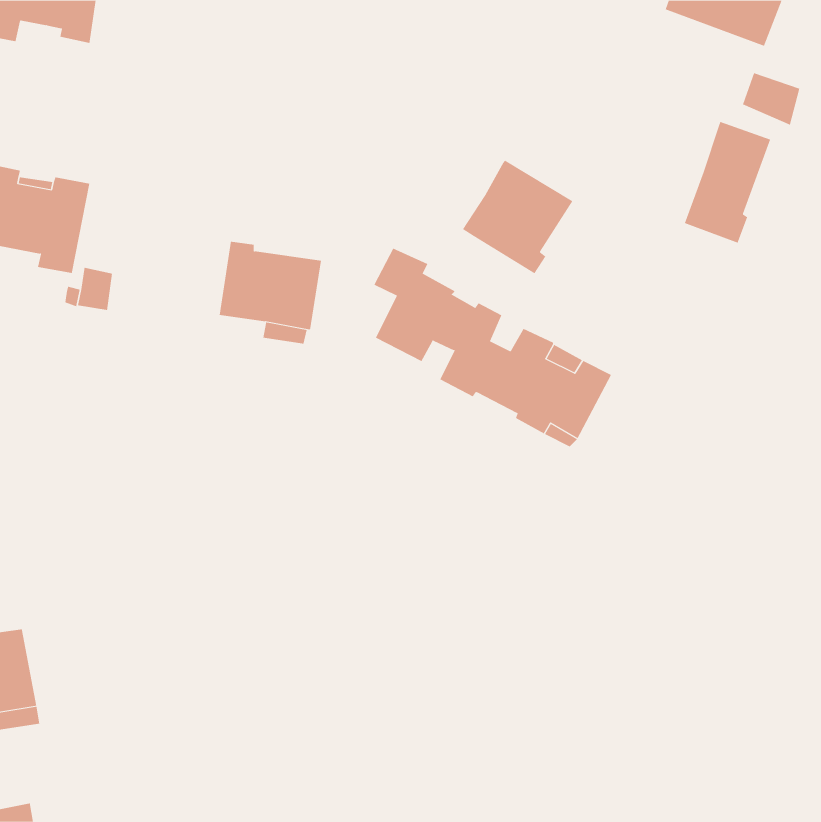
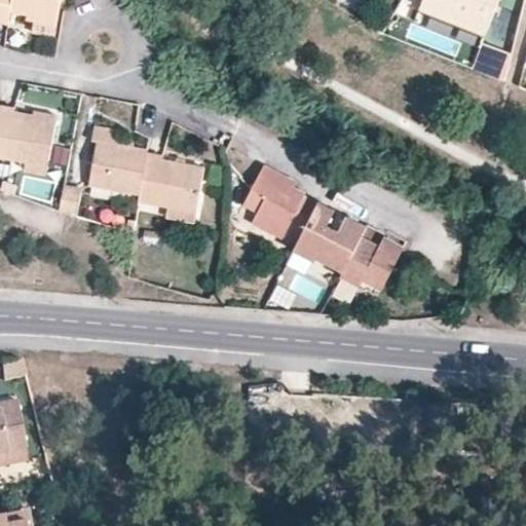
building: [684,121,771,243] -> none
building: [462,160,573,274] -> none
building: none -> [89,128,148,194]

